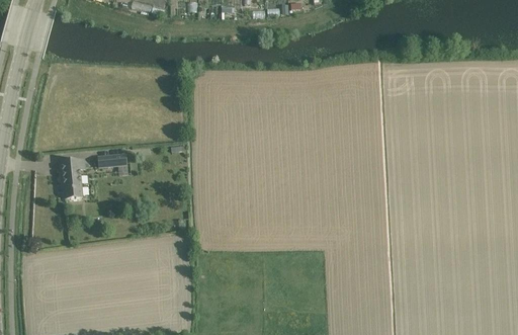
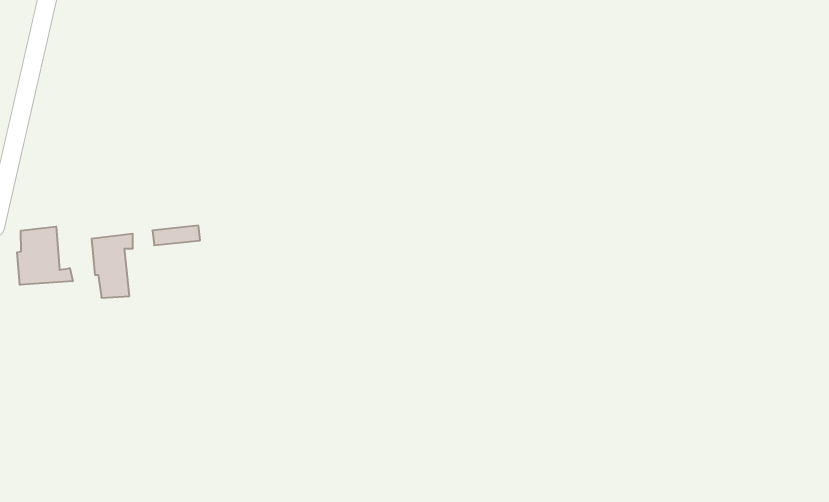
building: none -> [17,227,73,285]

